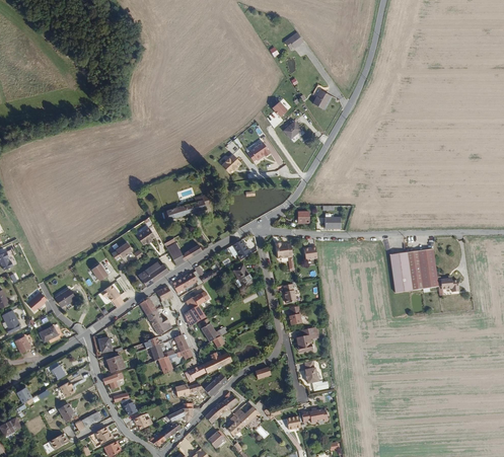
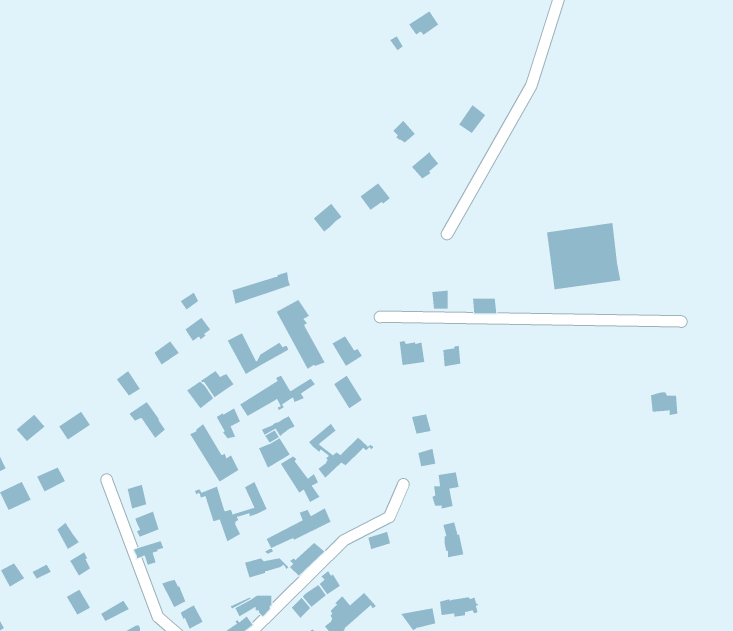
building: none -> [276,299,326,370]
building: [387,249,436,293] -> [546,223,621,290]
building: none -> [308,423,375,478]

